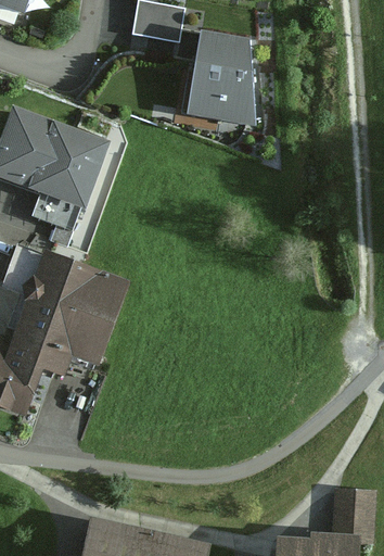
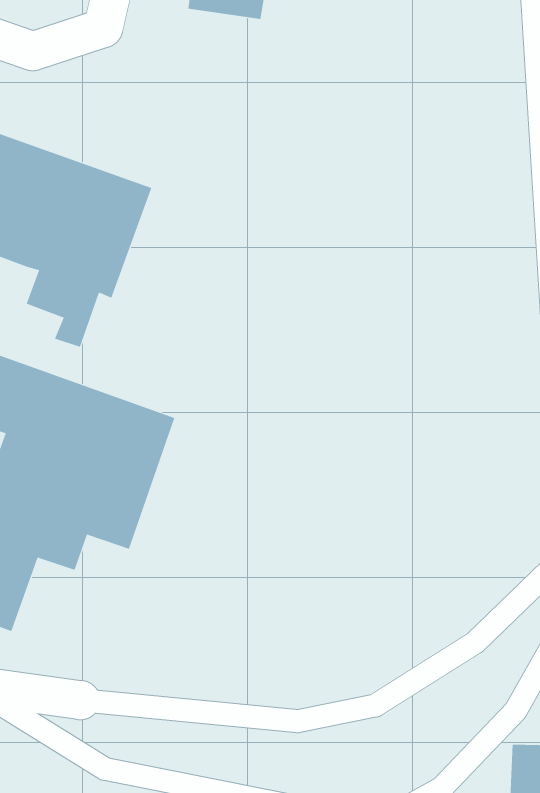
building: [191,34,253,122] -> none

